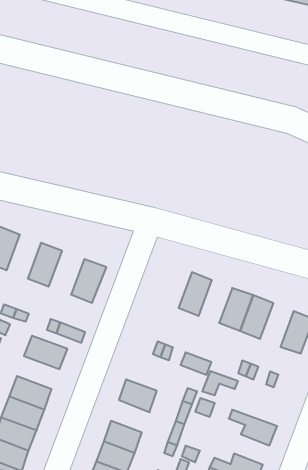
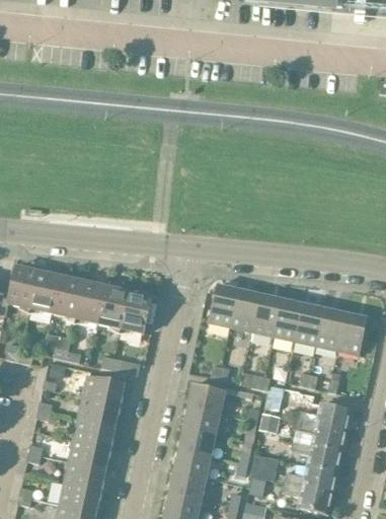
building: none -> [53,276,83,318]
building: none -> [97,286,129,328]
building: none -> [208,285,238,326]
building: none -> [251,294,281,336]
building: none -> [316,308,345,351]
building: none -> [78,396,120,426]
building: none -> [187,384,225,413]
building: none -> [298,402,351,431]
building: none -> [178,427,216,456]
building: none -> [291,441,340,471]

